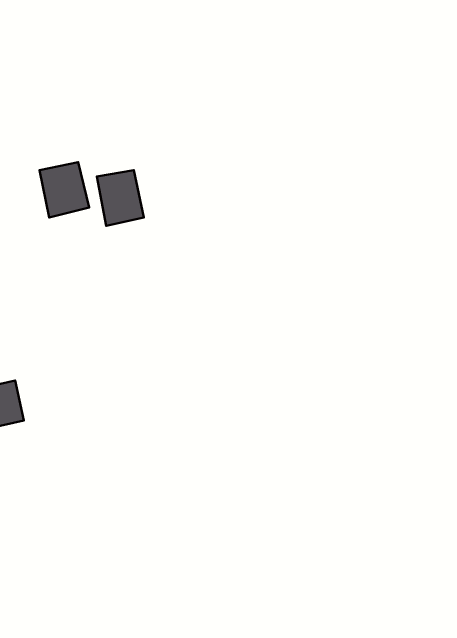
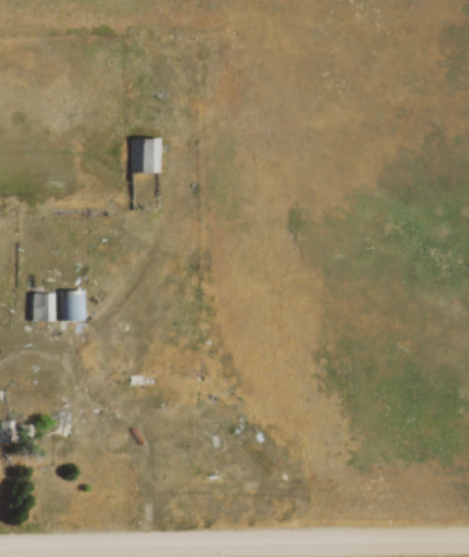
building: [97,170,144,226] -> none

